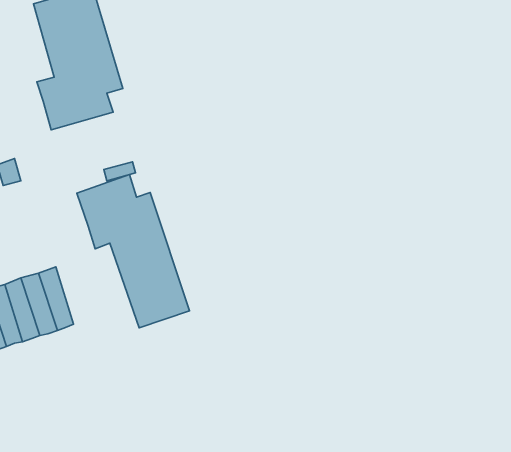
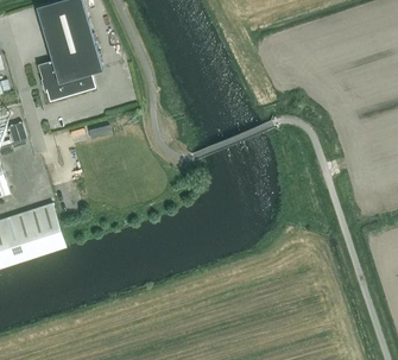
building: [77,175,190,328] -> none

